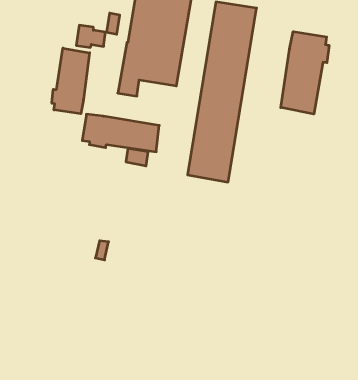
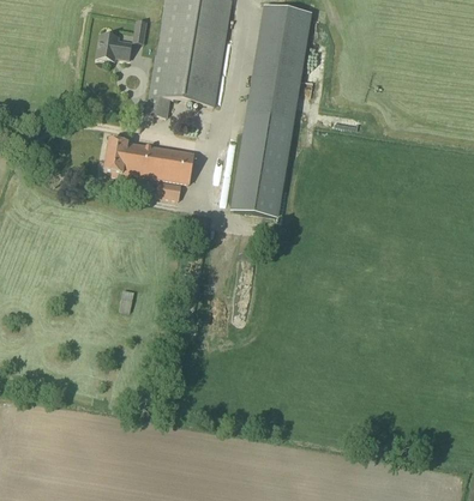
building: [281,32,329,114] -> none
building: [52,48,90,114] -> none

